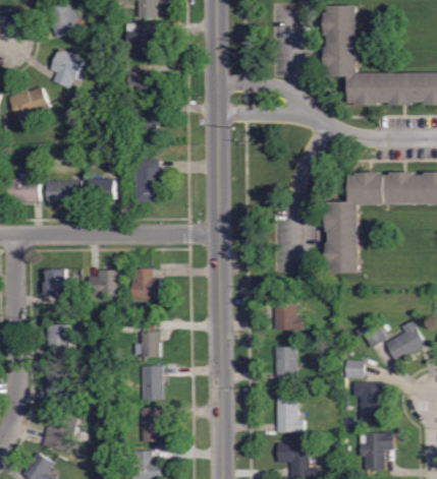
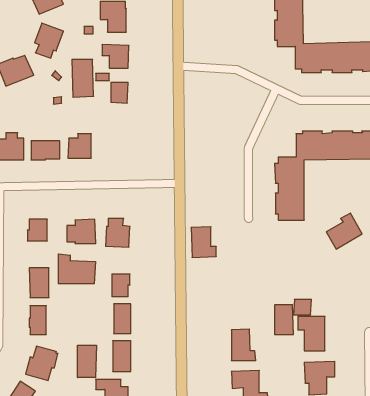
building: [135,160,160,202] -> [72,59,94,97]
building: [273,294,302,328] -> [191,227,216,257]
building: none -> [58,254,95,284]
building: [383,320,424,361] -> [326,213,362,249]
building: [274,346,295,379] -> [275,305,293,335]
building: none -> [78,345,96,378]

